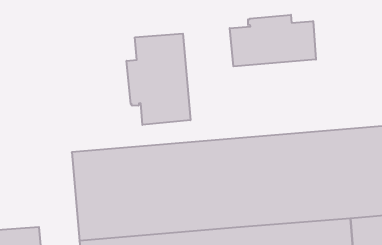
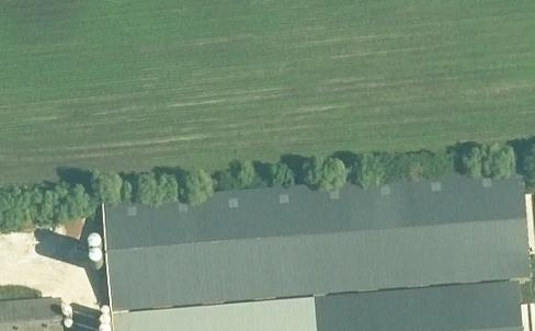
building: [230,15,316,66] -> none
building: [127,34,190,125] -> none

